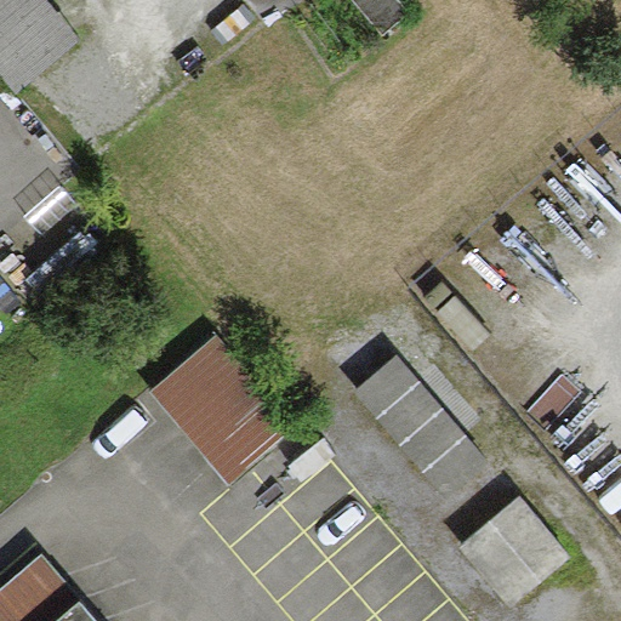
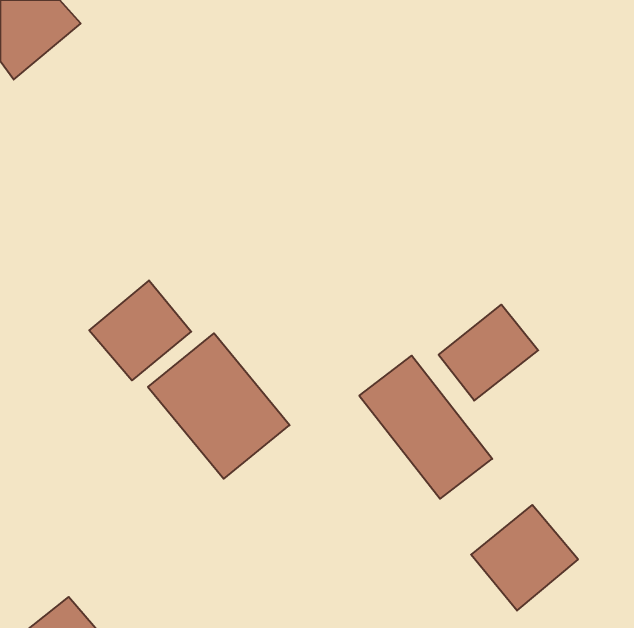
building: none -> [89,280,191,380]
building: none -> [439,305,538,401]

